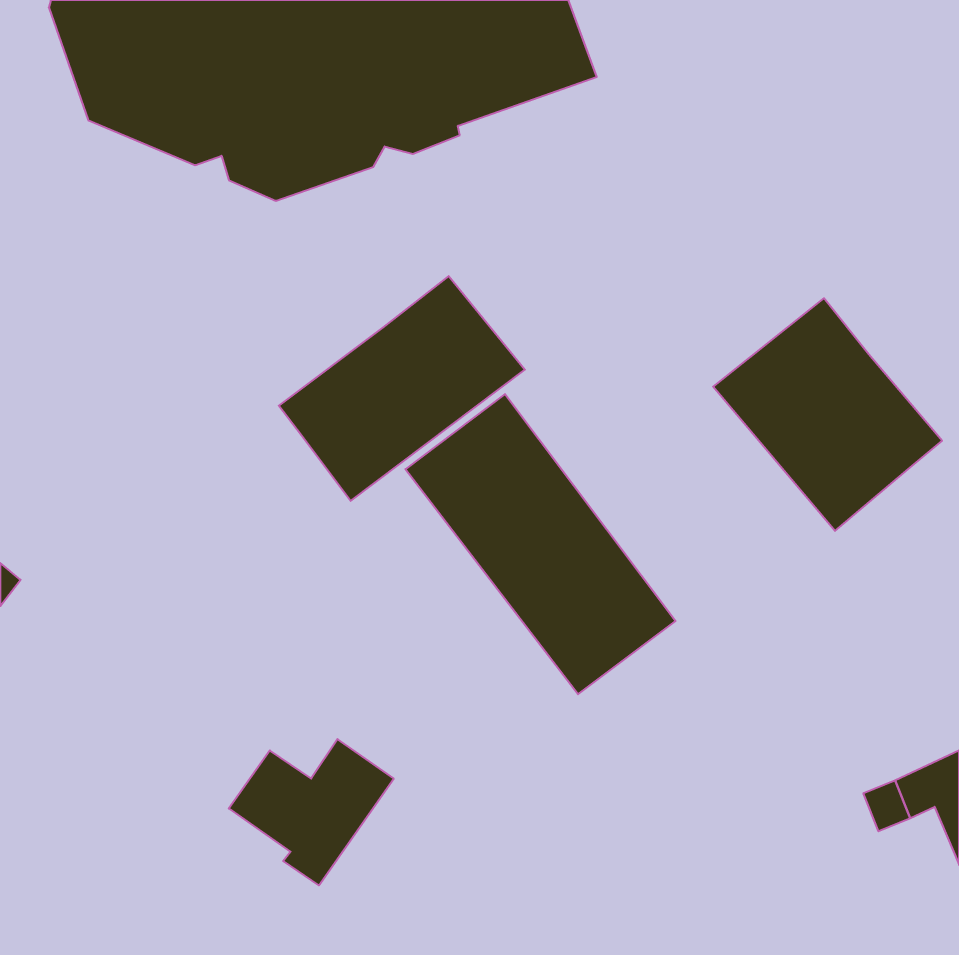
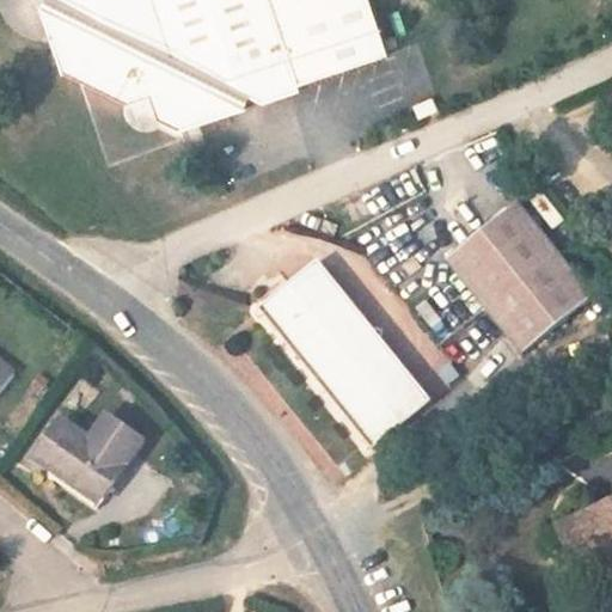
building: [279,276,525,501] -> none
building: [229,739,394,885] -> [37,412,142,506]

